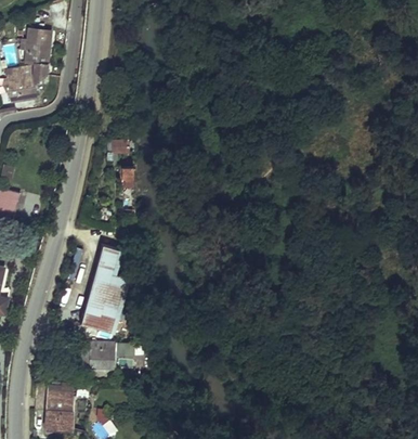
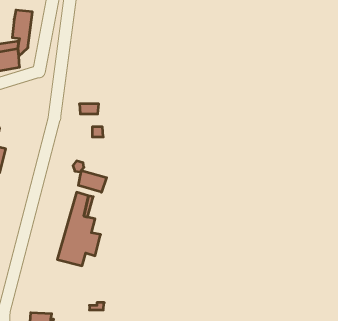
building: none -> [78,170,107,192]
building: [88,341,115,370] -> none

